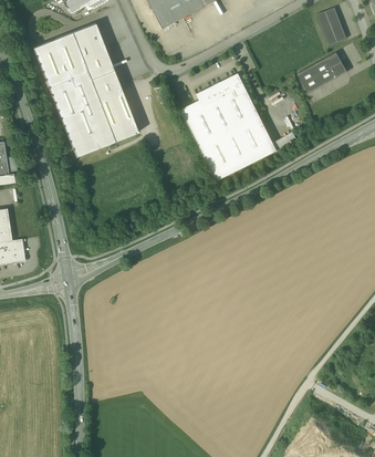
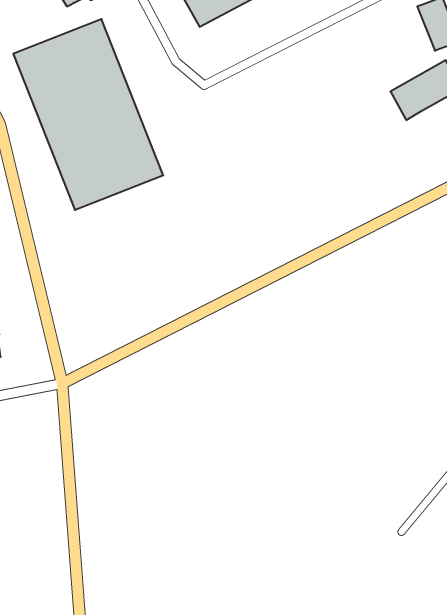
building: [180,72,277,180] -> none

